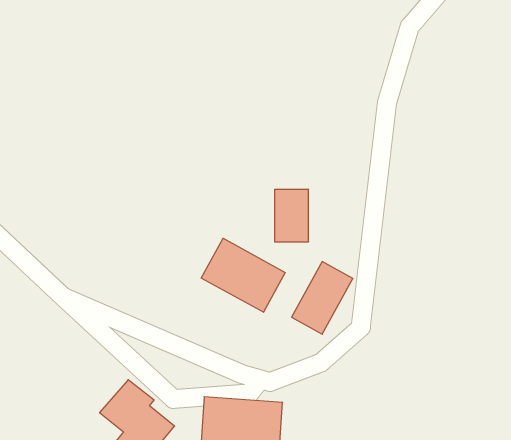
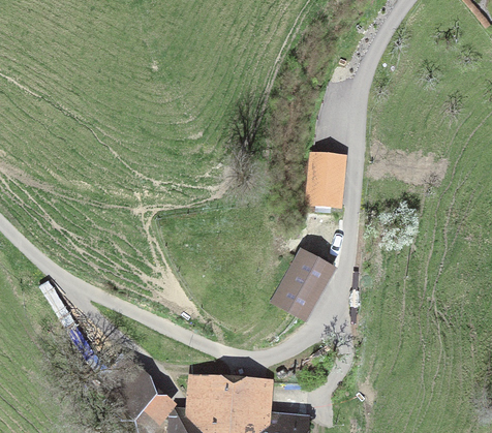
building: [275,189,309,242] -> [311,155,342,203]
building: [201,238,285,312] -> none

